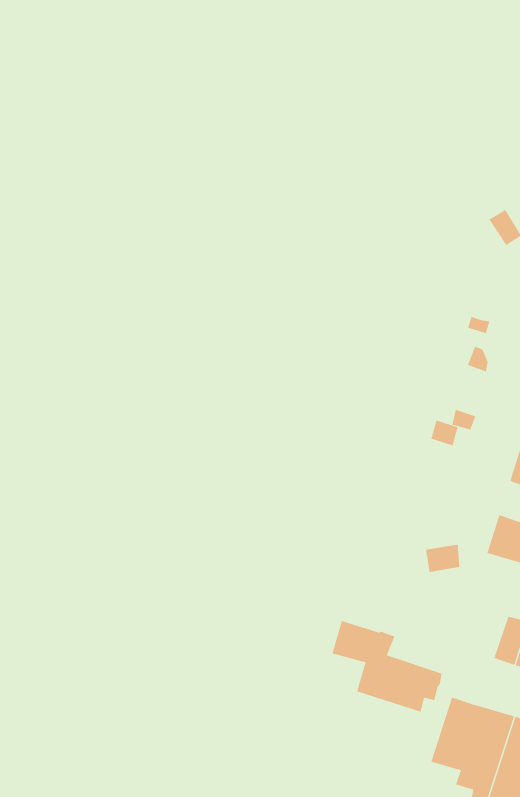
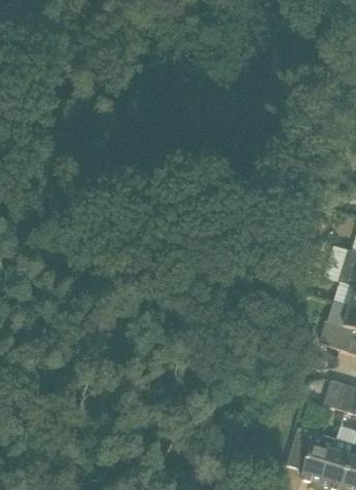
building: [332,620,442,712] -> none

